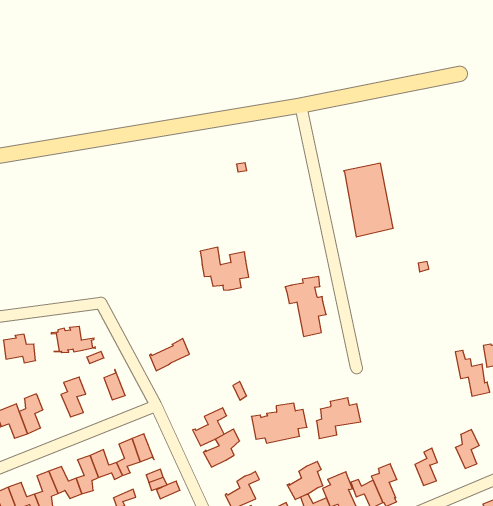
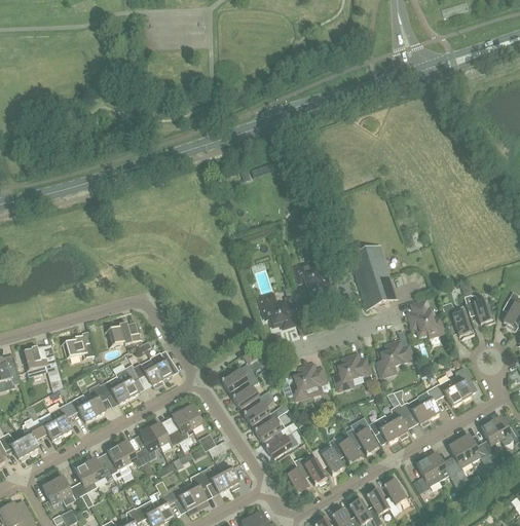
building: [344,163,393,237] -> [348,246,396,309]
building: [200,247,249,290] -> [258,293,301,328]
building: [150,338,189,371] -> [221,363,254,392]
building: none -> [407,300,443,336]
building: none -> [133,359,162,387]
building: none -> [99,376,128,404]
building: none -> [376,340,412,376]
building: none -> [432,377,461,406]
building: none -> [399,398,429,426]
building: [287,461,323,500] -> [254,408,284,442]

